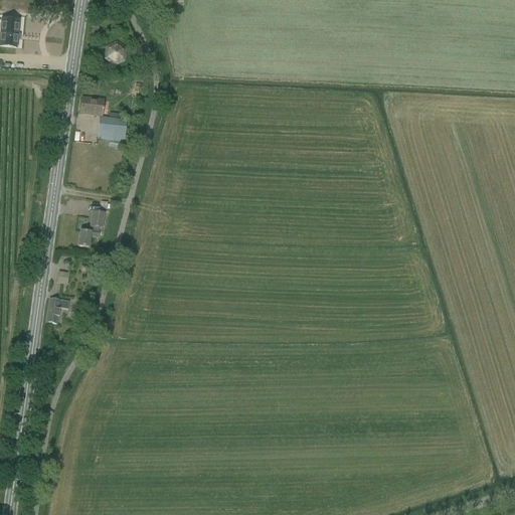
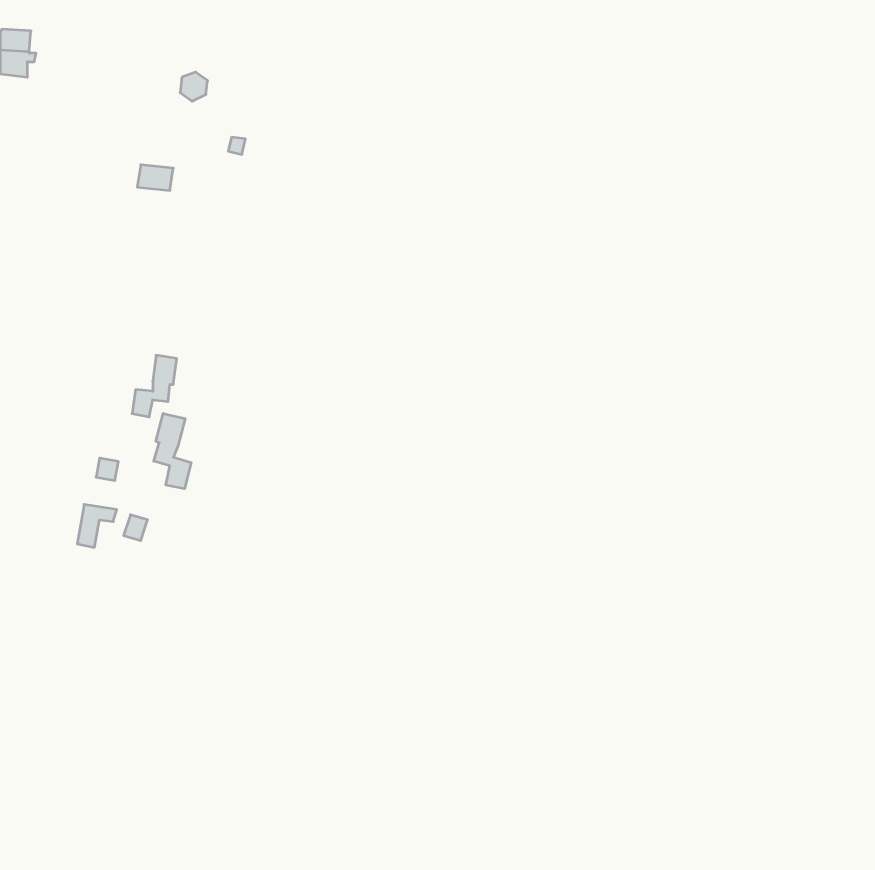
building: [98,115,129,145] -> none
building: none -> [154,413,191,489]

